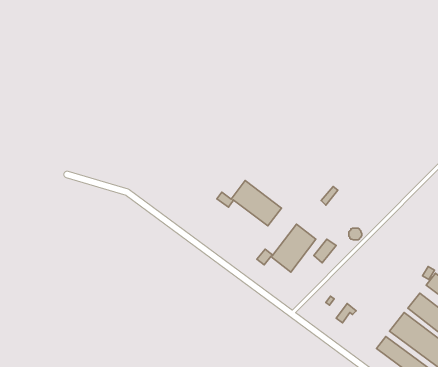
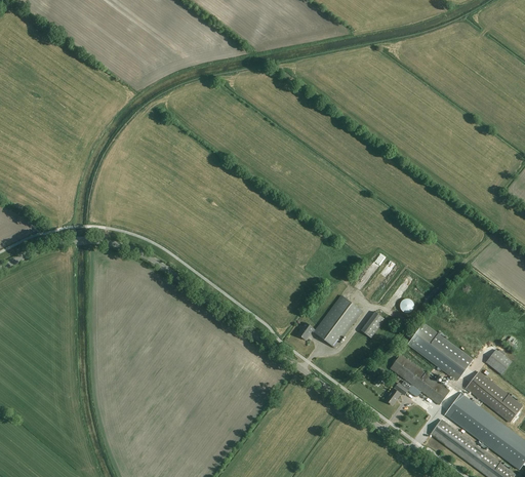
building: [217,180,281,226] -> none
building: none -> [408,322,473,381]
building: none -> [390,354,449,404]

